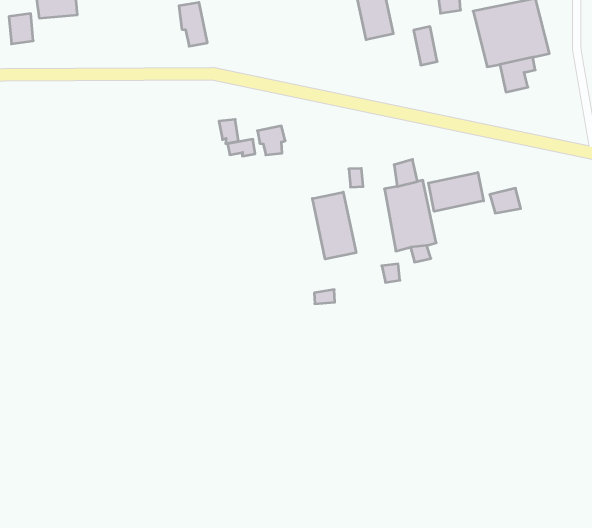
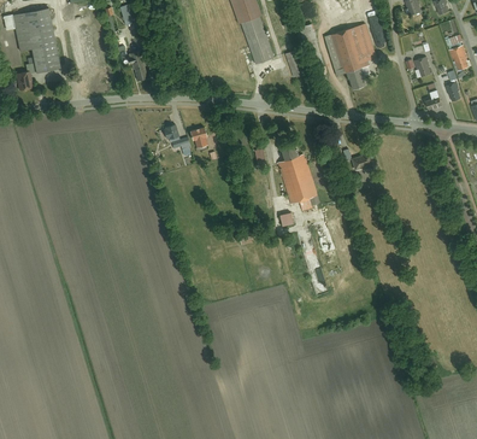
building: [428,172,484,211] -> none
building: [312,192,356,259] -> none

